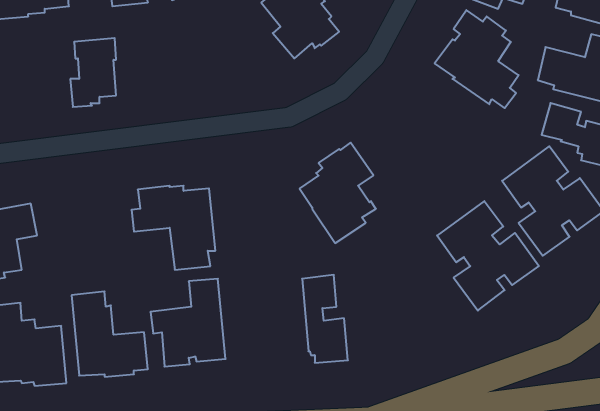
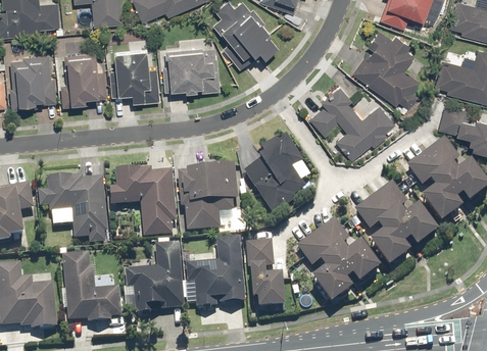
building: none -> [162,46,220,92]
building: none -> [109,49,159,102]
building: none -> [10,53,56,108]
building: none -> [309,84,395,159]
building: none -> [177,166,237,232]
building: none -> [37,177,108,244]
building: none -> [297,218,379,306]
building: none -> [185,238,246,308]

